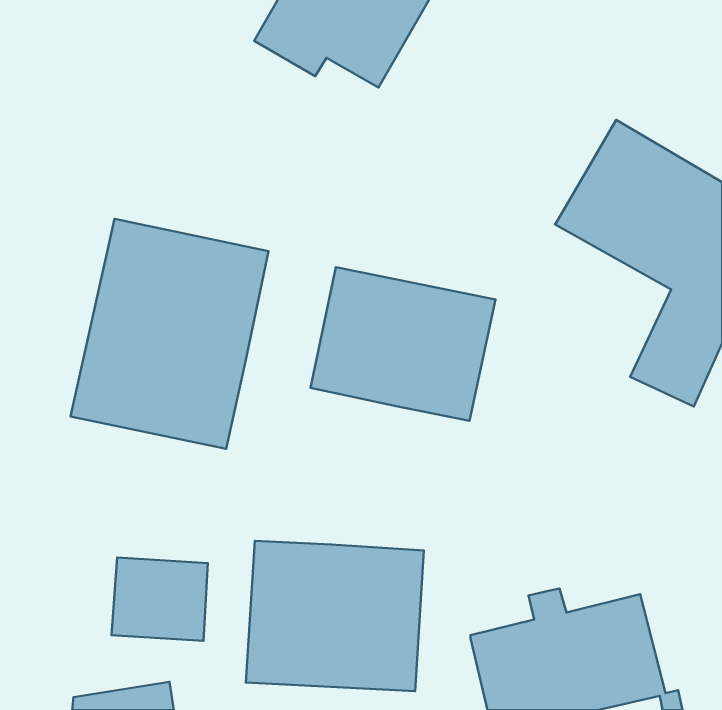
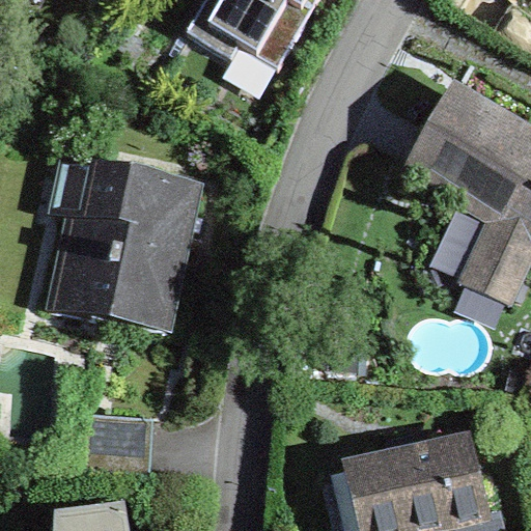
building: [310,267,495,421] -> none
building: [246,541,424,691] -> none

